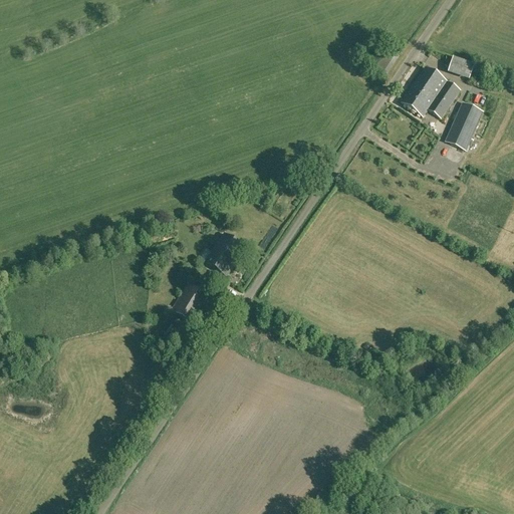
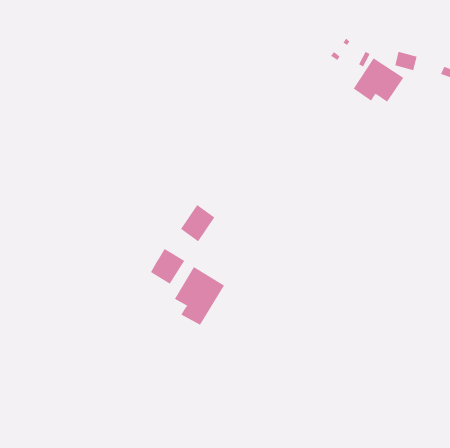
building: [446,100,484,149] -> none
building: none -> [174,266,225,326]

